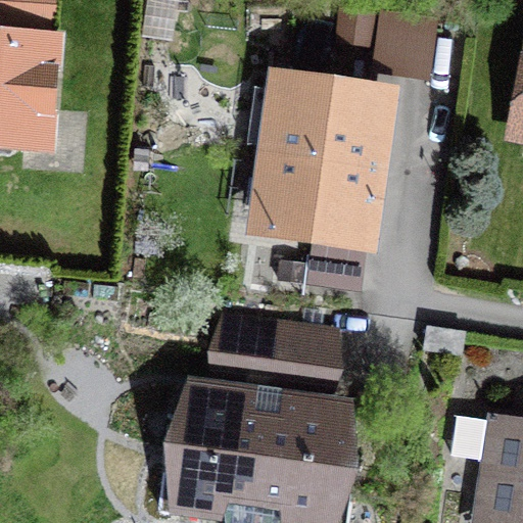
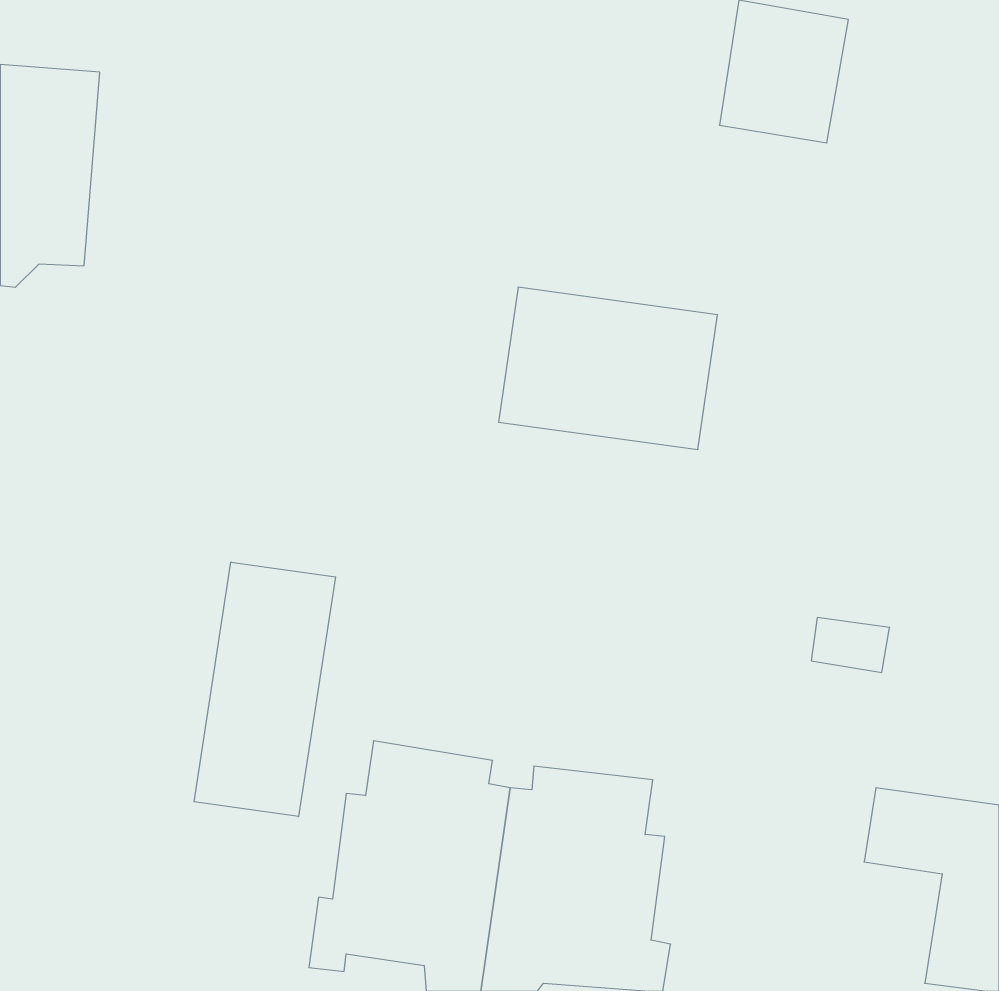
building: [271,79,384,164] -> none
building: none -> [194,562,336,817]
building: [219,313,333,385] -> none

